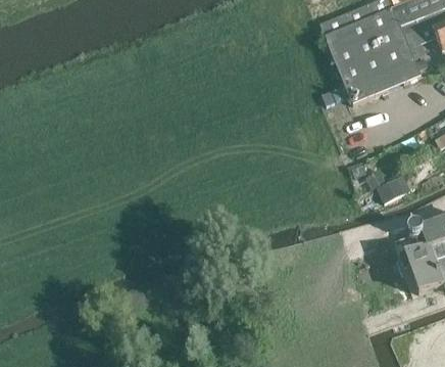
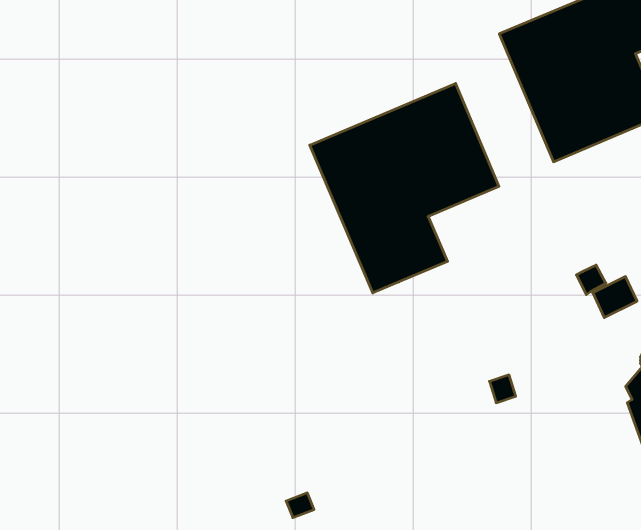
building: none -> [310,83,499,293]

